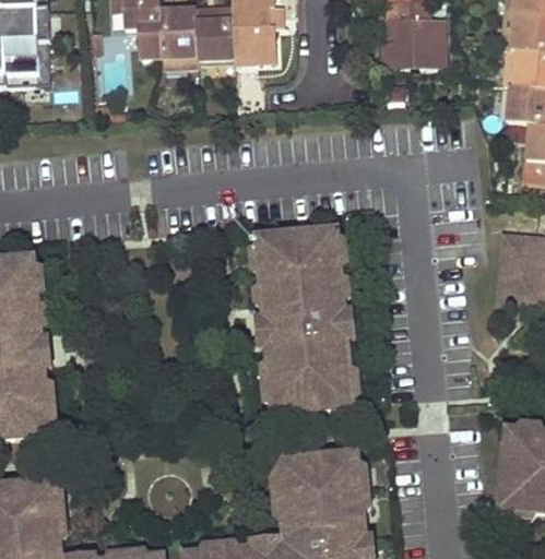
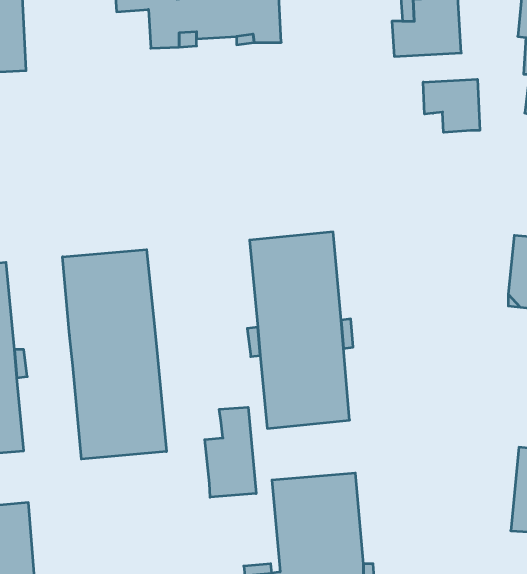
building: none -> [423,79,480,132]
building: none -> [63,250,166,459]
building: none -> [205,407,256,497]

